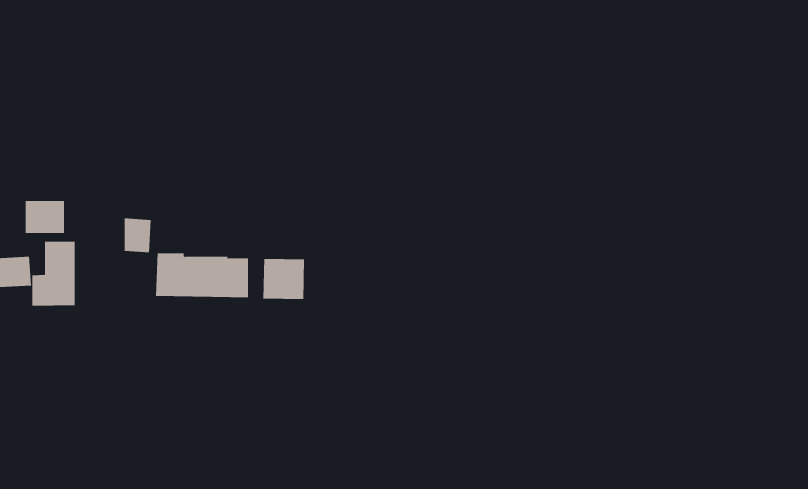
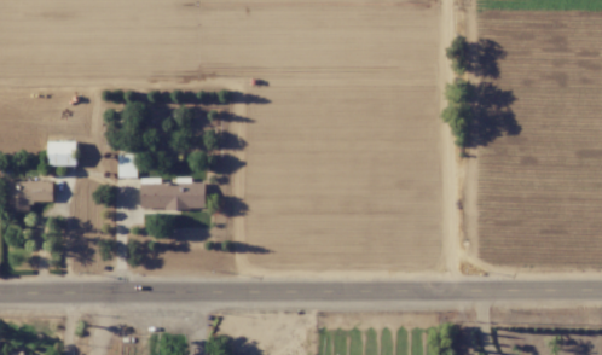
building: [32,241,75,306] -> none
building: [263,258,304,300] -> none

